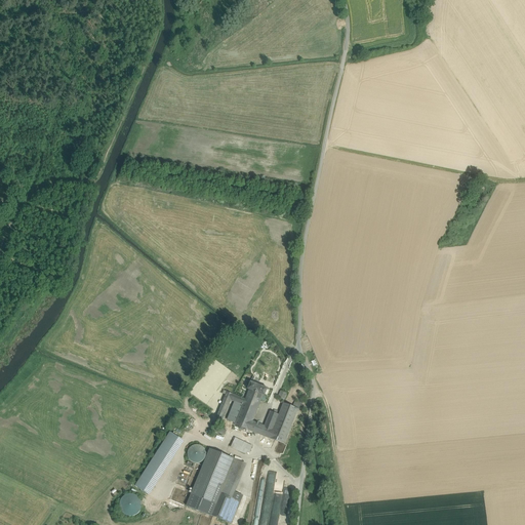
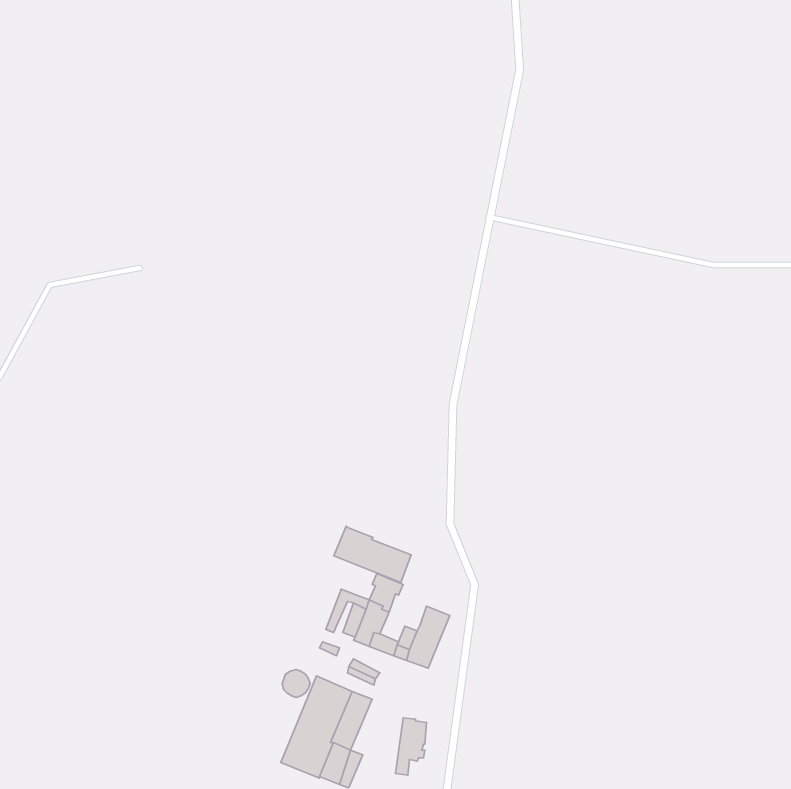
building: none -> [334,526,411,583]
building: [134,430,184,493] -> none
building: [118,492,140,514] -> none

